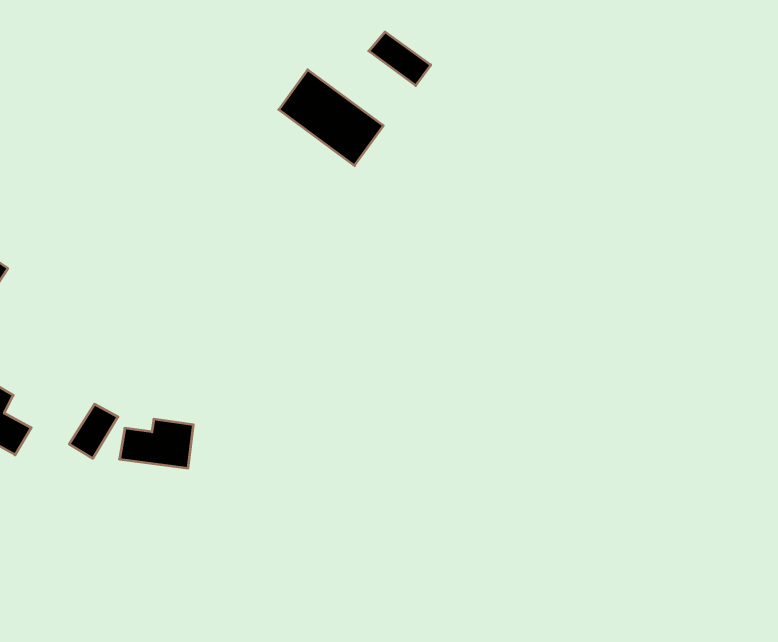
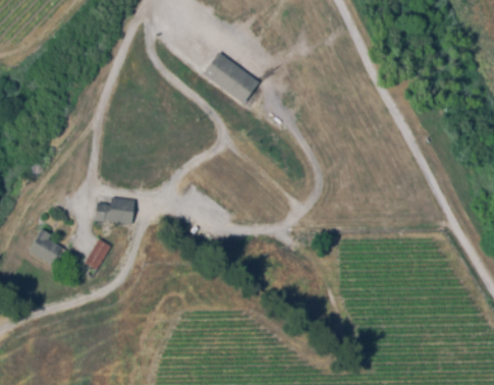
building: [369,32,431,86] -> none
building: [119,419,193,468] -> [94,199,135,226]

